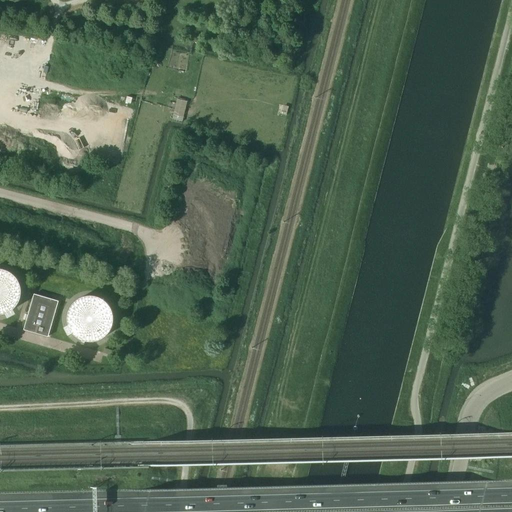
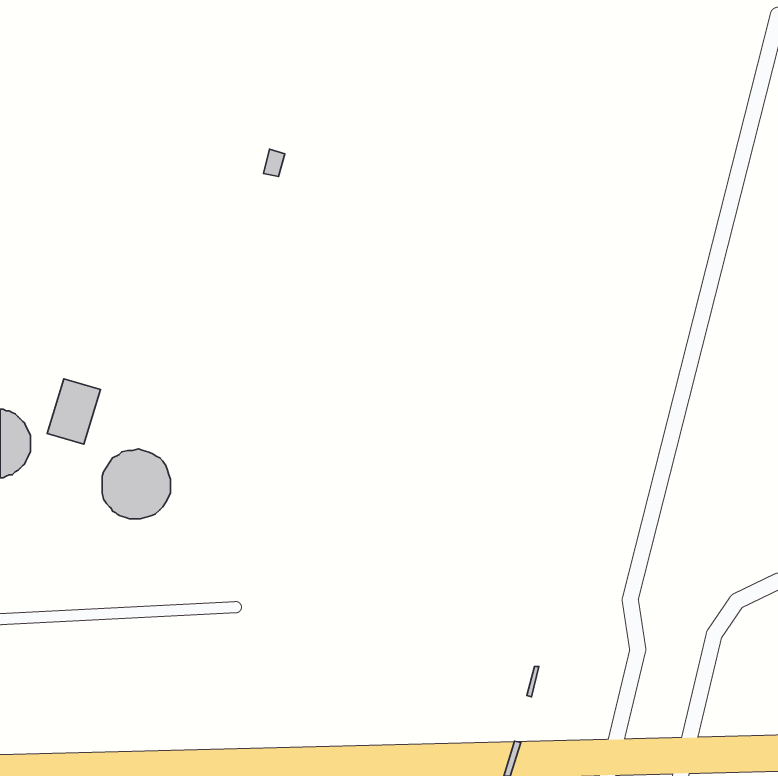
building: [23,293,58,336] -> [47,379,100,444]

